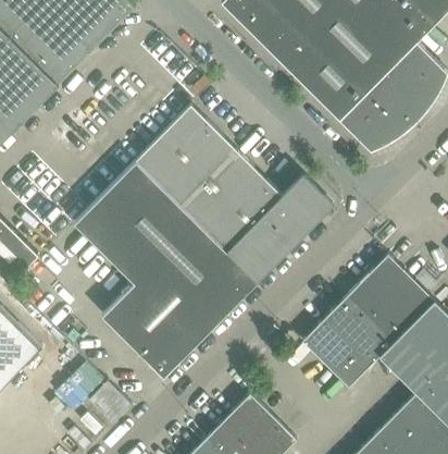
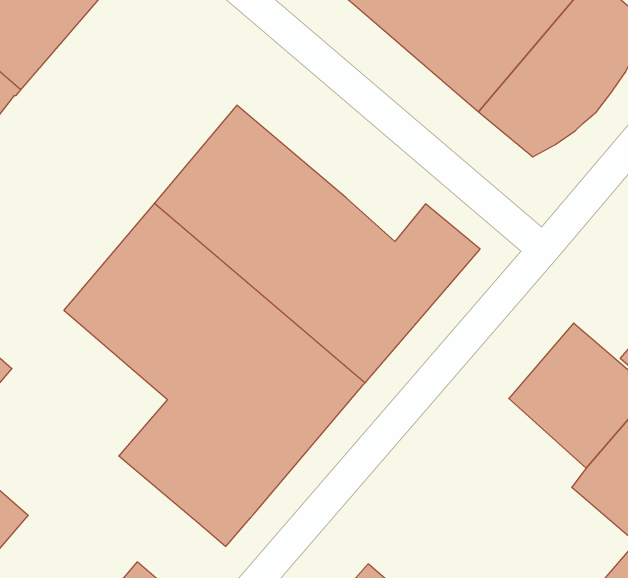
building: [302,298,389,388] -> none

